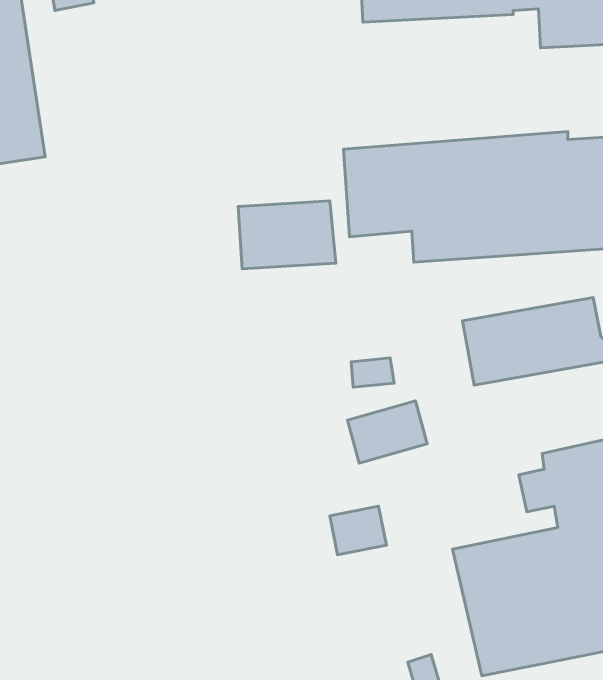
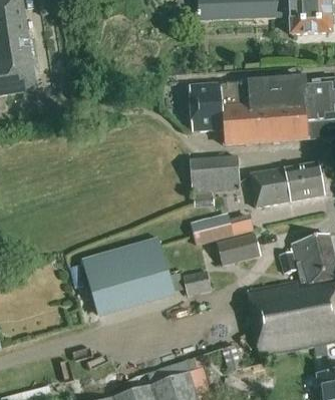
building: [238,201,336,269] -> [190,155,240,190]
building: none -> [216,233,260,265]
building: none -> [82,236,175,313]

